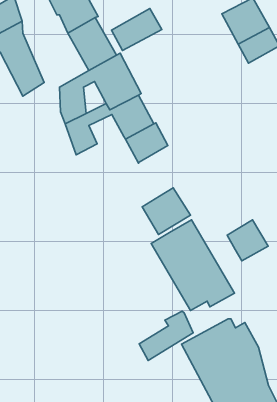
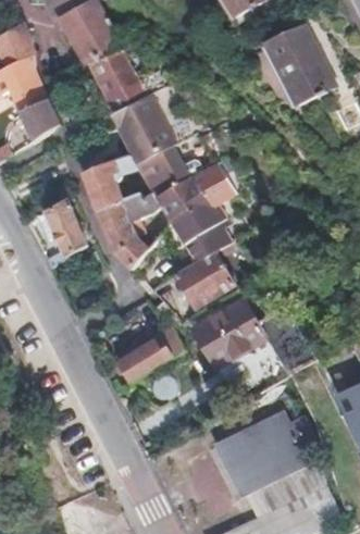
building: [111,8,162,50] -> none
building: none -> [171,162,234,261]
building: none -> [97,190,150,269]
building: none -> [44,199,87,259]
building: [227,220,268,261] -> none
building: [139,311,193,360] -> [117,324,182,383]

